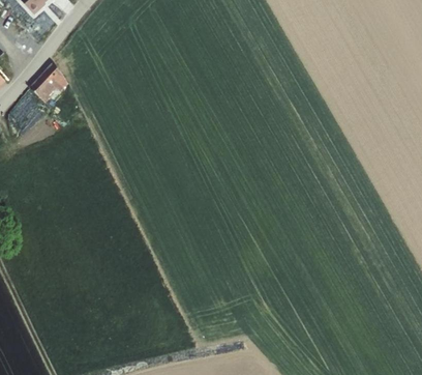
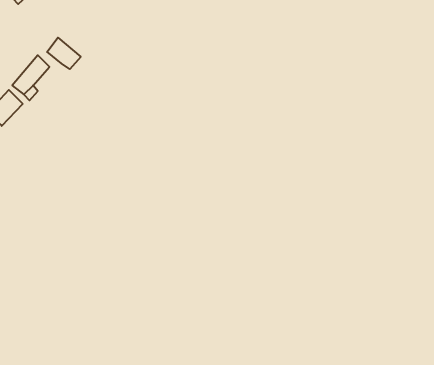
building: none -> [47,38,81,69]

